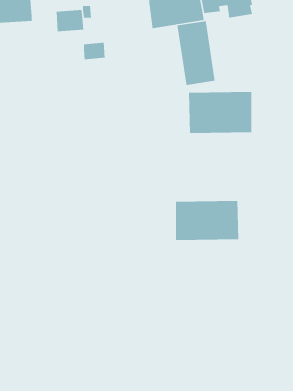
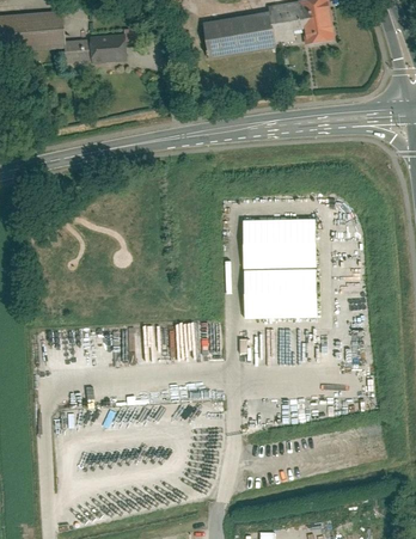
building: [177,21,215,86] -> none
building: [83,42,105,60] -> [62,39,90,61]
building: [188,92,252,133] -> [237,219,316,270]

